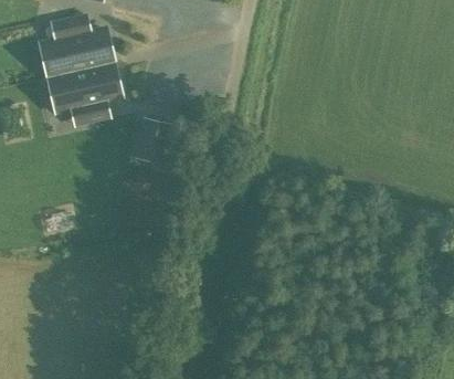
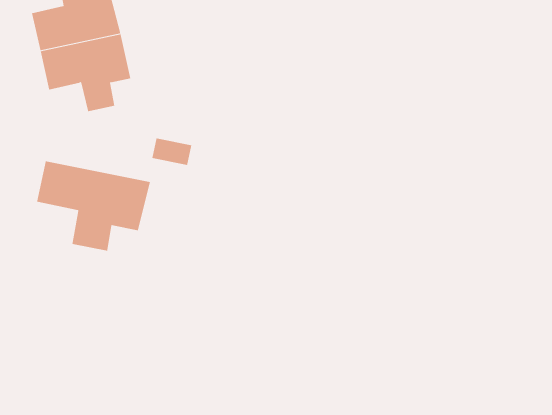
building: none -> [36,161,151,251]

